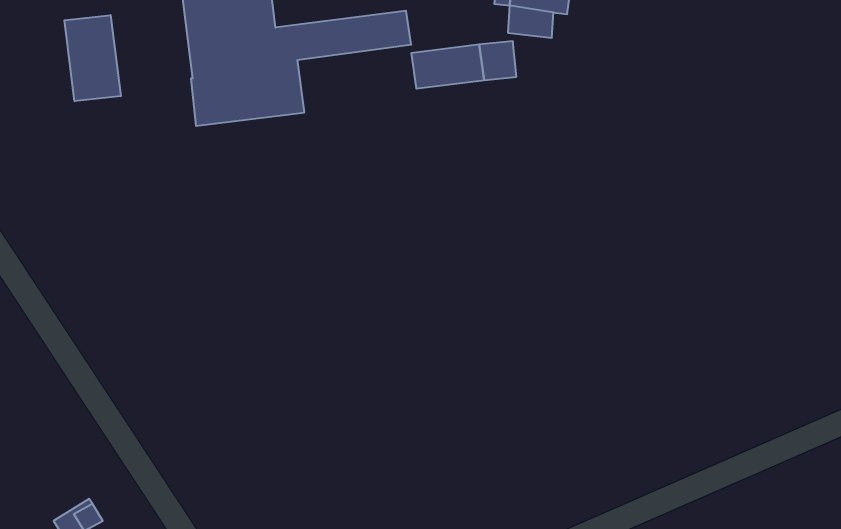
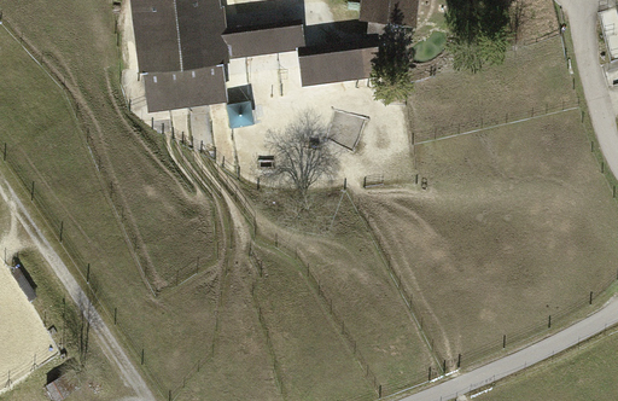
building: [64,15,121,101] -> none

